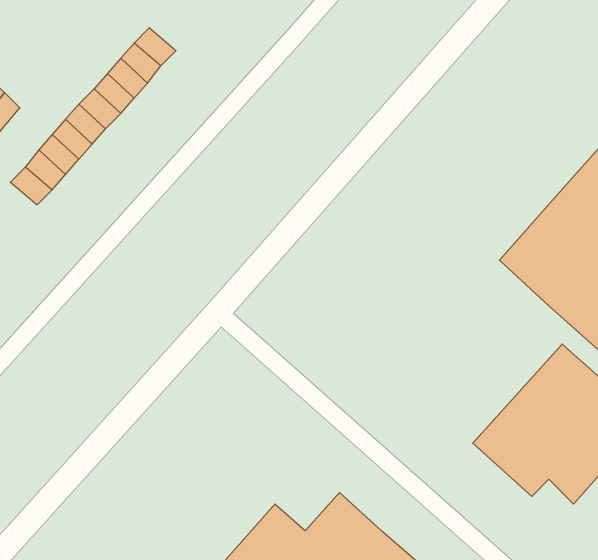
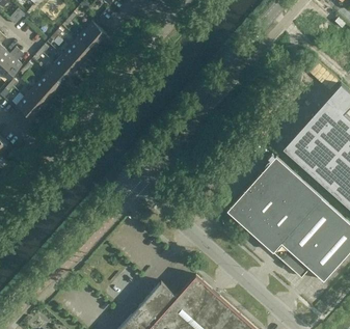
building: none -> [226,157,317,248]

